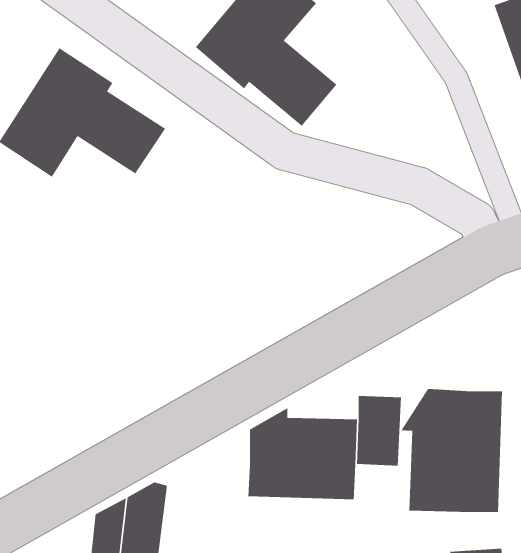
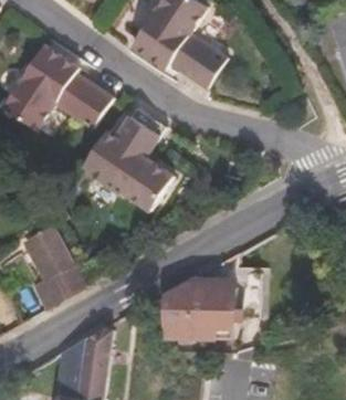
building: none -> [84,114,175,208]
building: none -> [15,224,86,306]
building: [400,388,503,513] -> none

